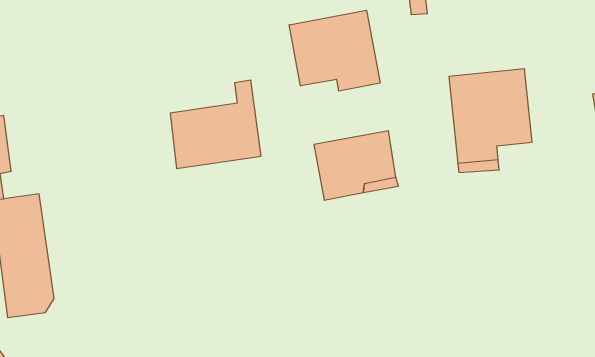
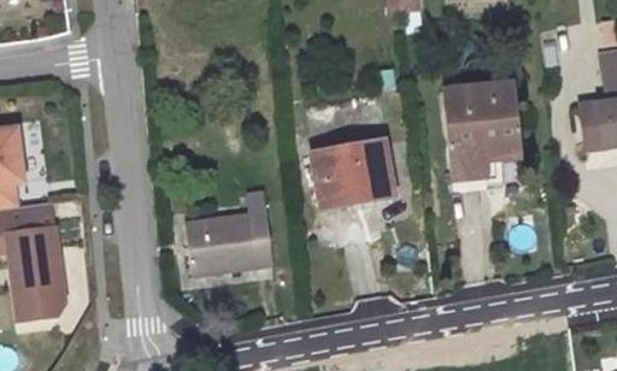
building: [289,10,380,91] -> none
building: [170,80,261,169] -> [186,190,272,275]

